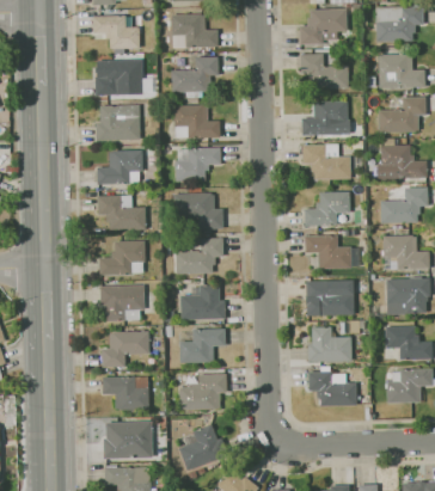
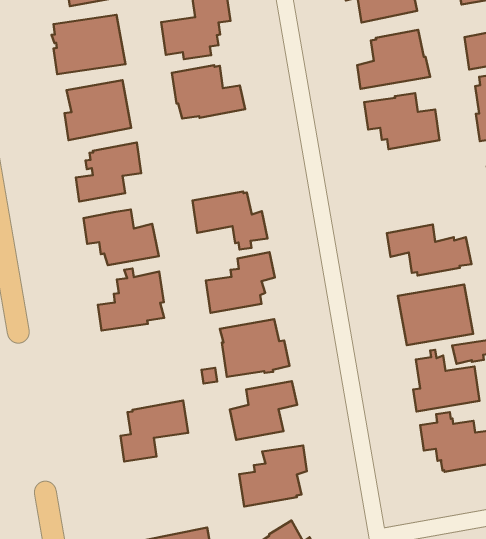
building: [176,142,222,182] -> none
building: [305,191,351,226] -> none
building: [102,286,146,321] -> none
building: [104,375,149,410] -> none

